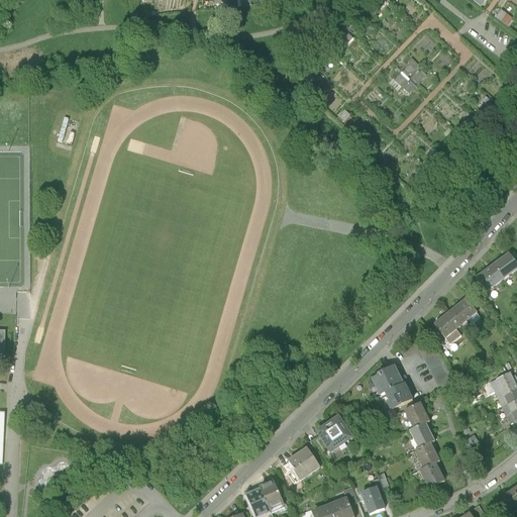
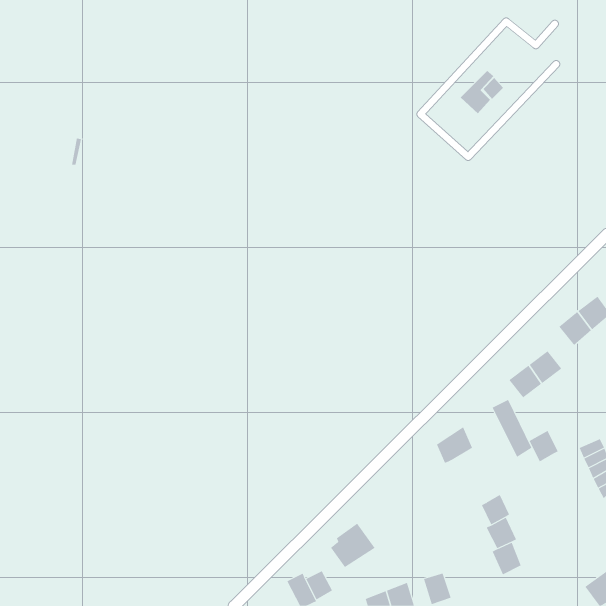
building: [384,380,414,410] -> none
building: [405,400,430,427] -> [529,430,559,462]
building: [317,417,348,447] -> none

